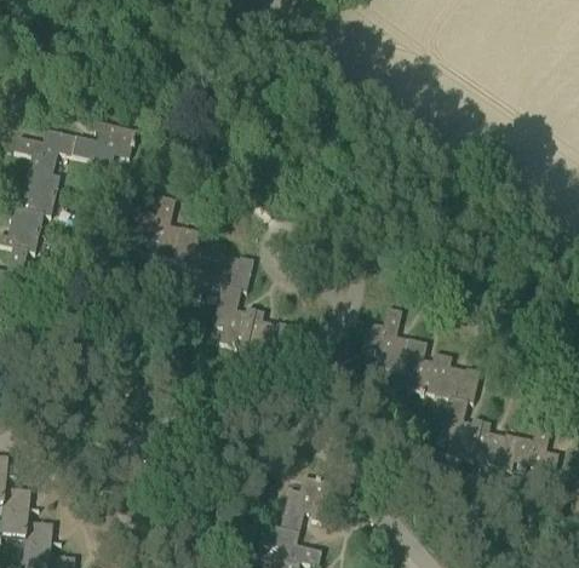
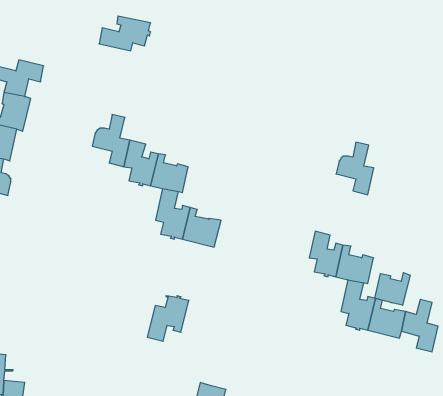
building: [71,121,134,163] -> [99,16,151,51]
building: [361,306,407,371] -> [336,142,374,195]
building: none -> [375,273,410,305]
building: [279,476,329,532] -> [147,296,189,341]

